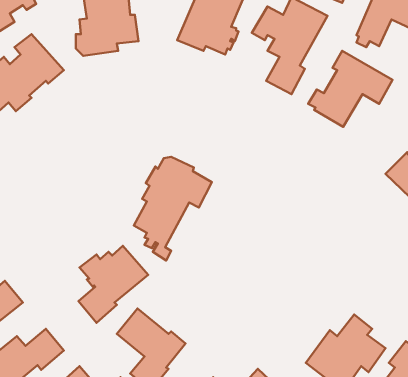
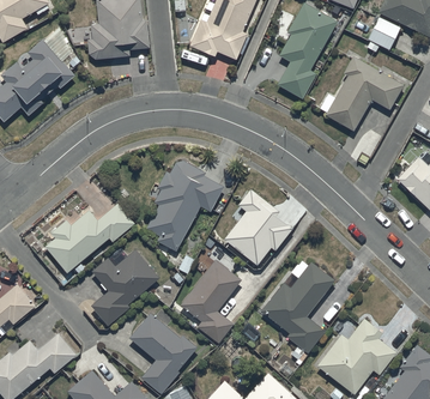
building: none -> [224,189,307,266]
building: none -> [46,202,137,274]
building: none -> [181,260,242,344]
building: none -> [261,260,335,361]

